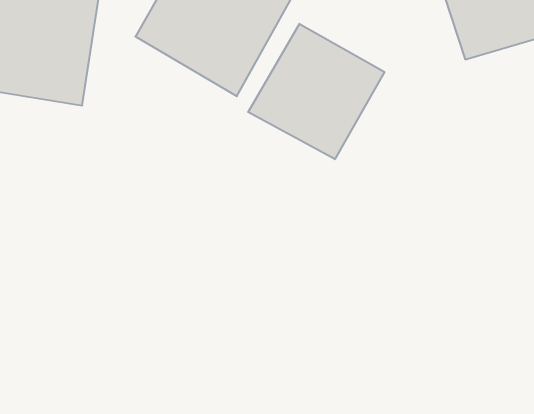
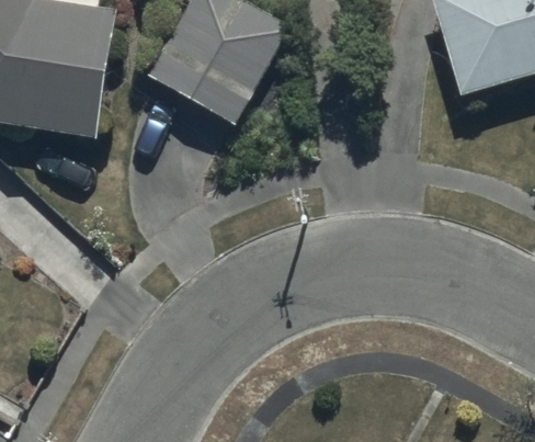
building: [248,24,384,159] -> none

